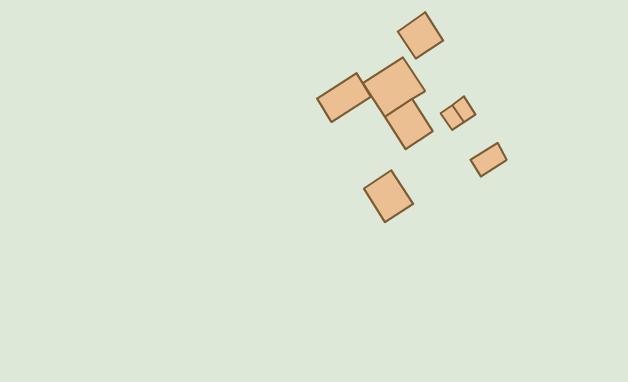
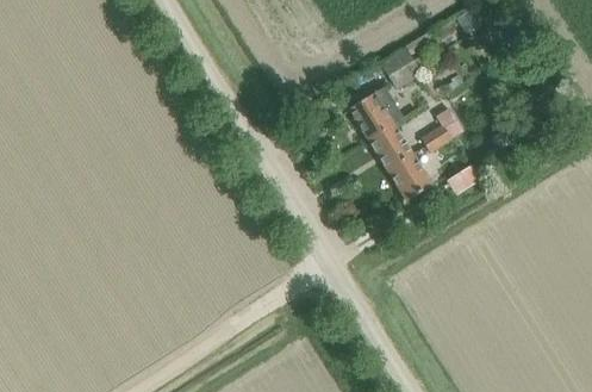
building: [317,73,371,122] -> none
building: [364,170,413,222] -> [387,153,432,200]

